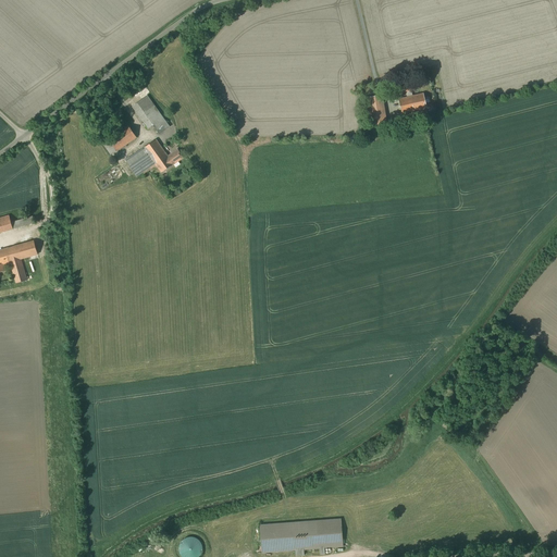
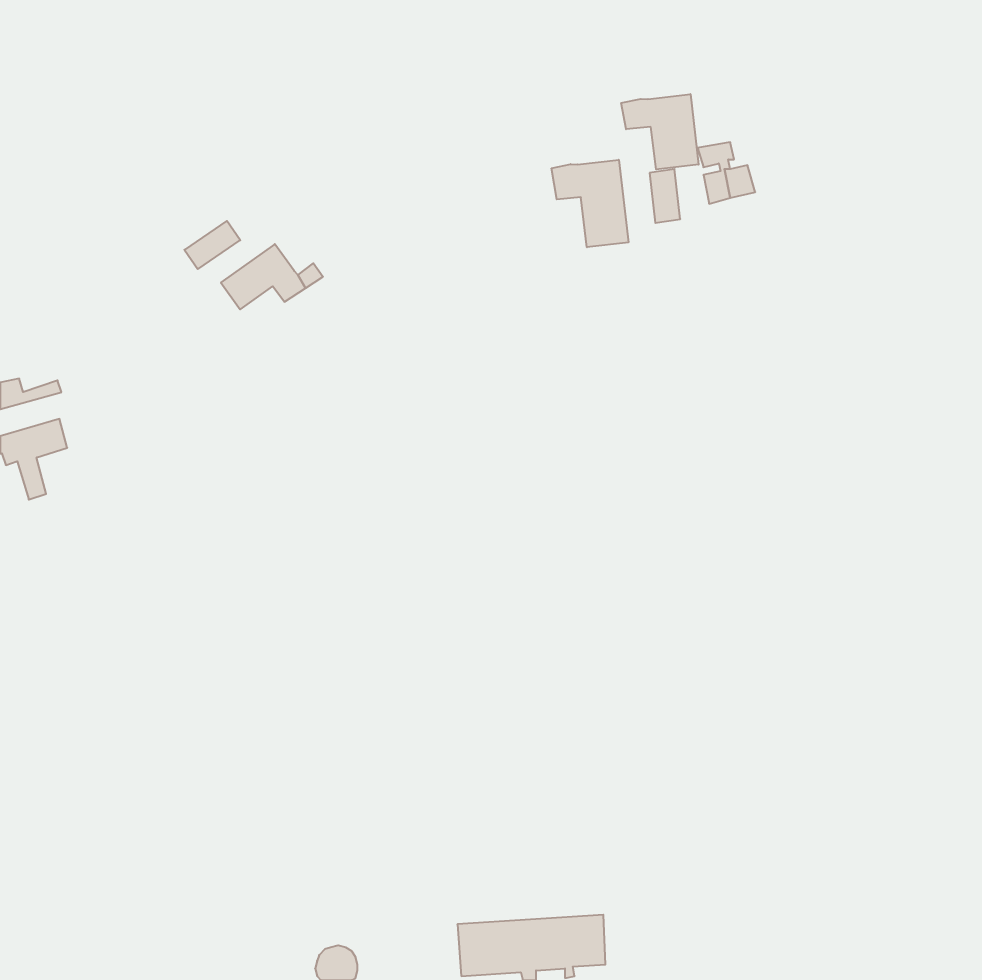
building: none -> [621,94,699,169]
building: none -> [552,160,628,247]
building: [133,95,170,134] -> none

